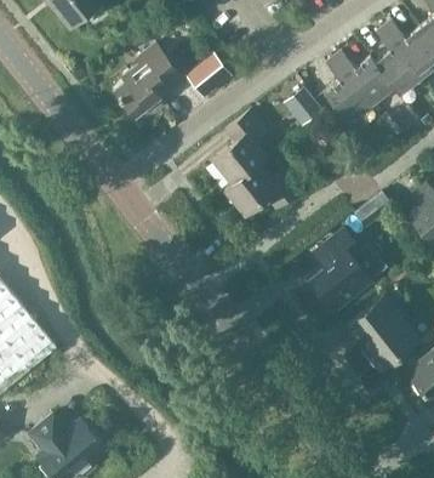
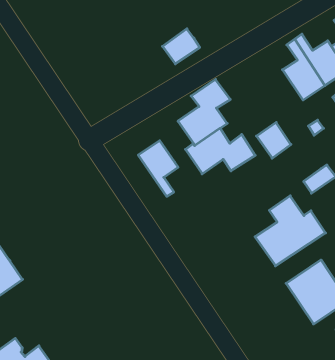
building: [109,46,182,116] -> none
building: [284,86,322,126] -> [256,122,291,158]
building: none -> [138,141,178,196]

